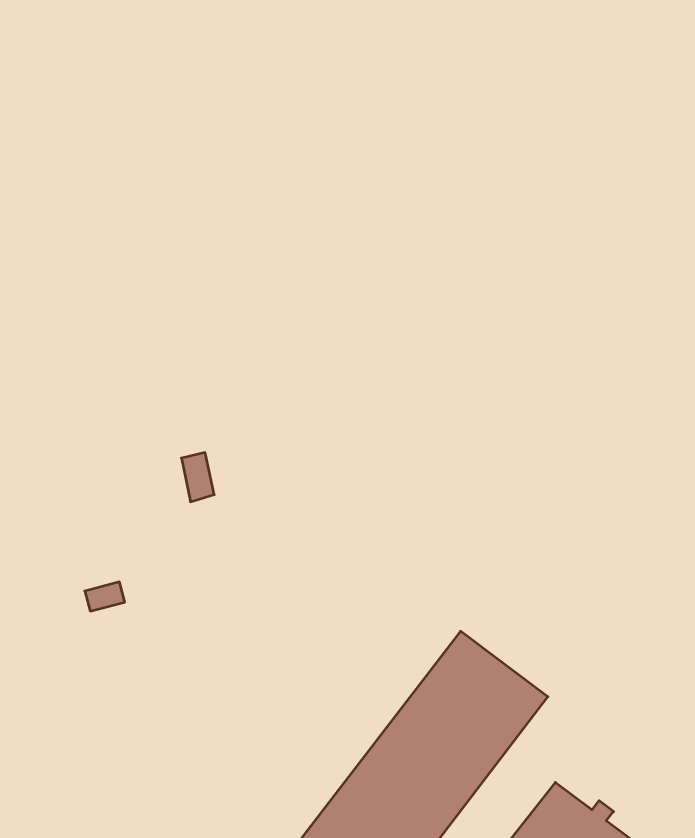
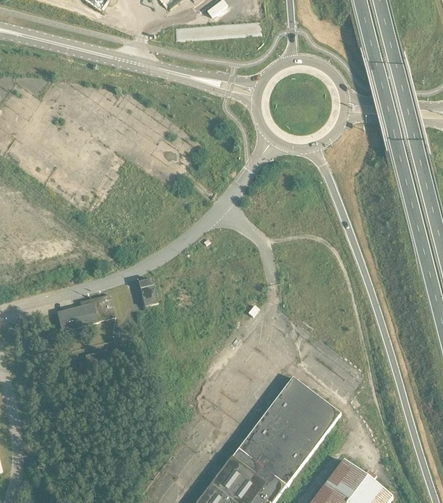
building: none -> [55,296,113,332]

